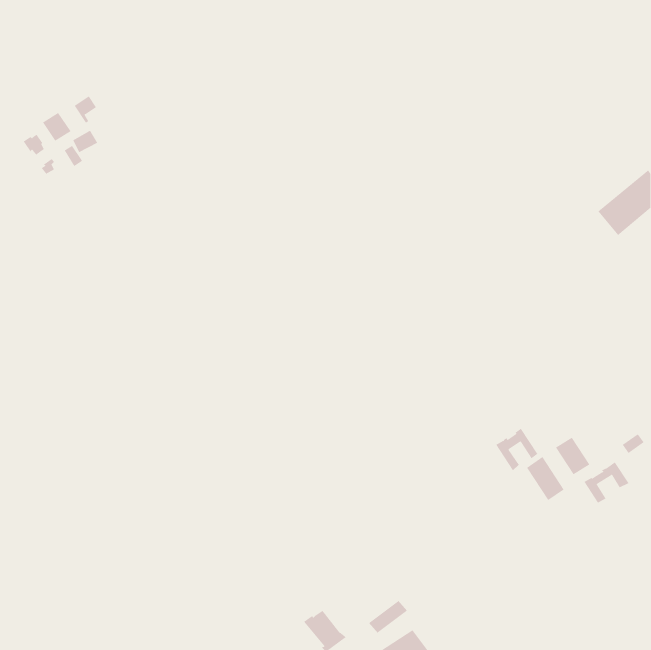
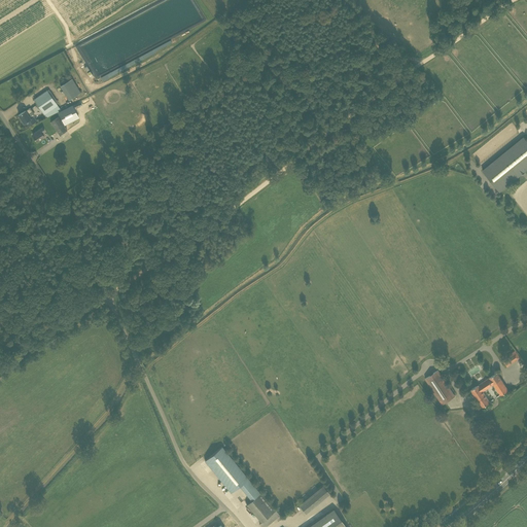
building: [495,428,538,471] -> none
building: [555,437,590,475] -> none
building: none -> [205,448,248,493]

